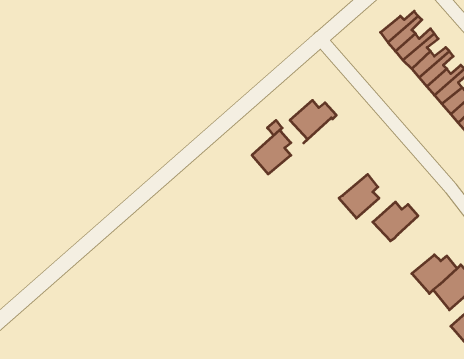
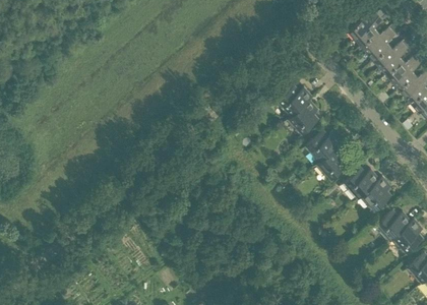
building: [252,130,291,174] -> [287,99,318,134]
building: none -> [305,130,342,162]
building: none -> [360,176,391,211]

